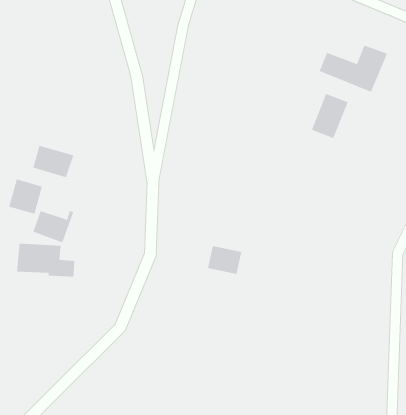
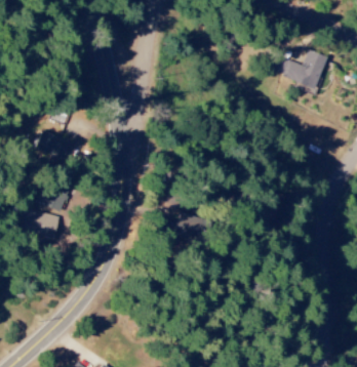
building: [311,93,348,139] -> none
building: [9,179,43,215] -> none

